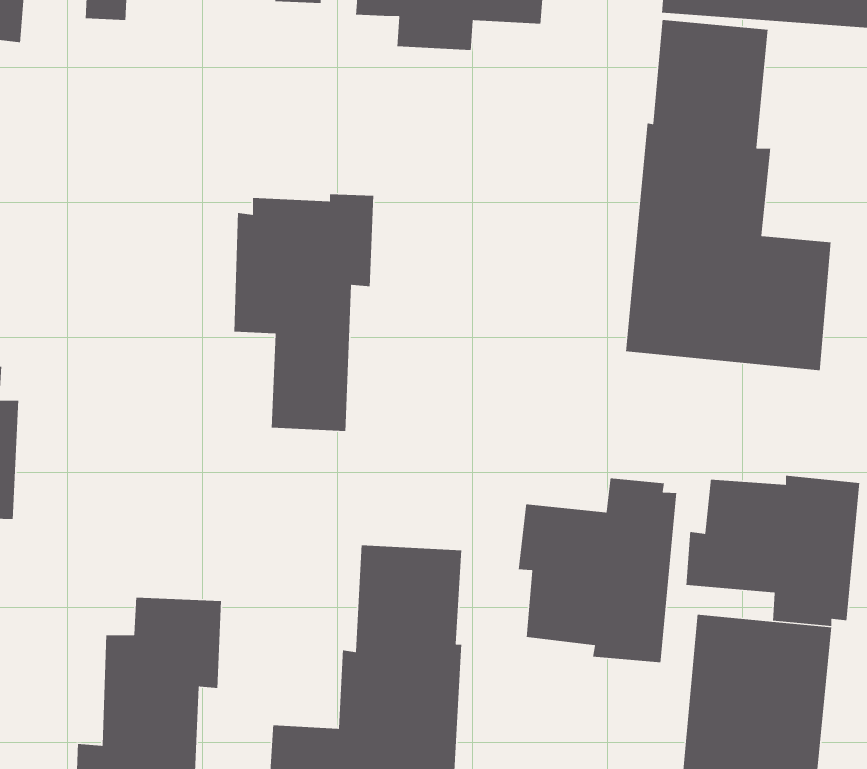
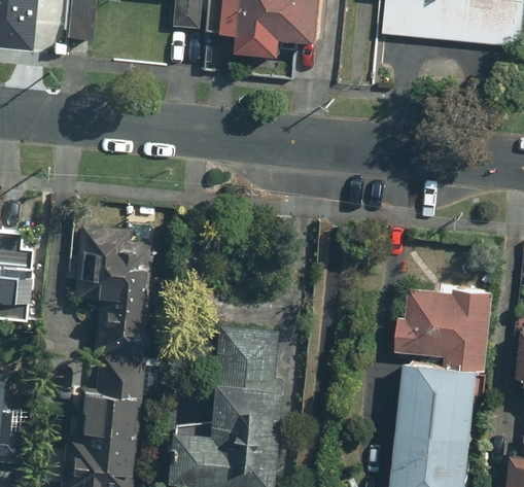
building: [625,19,831,371] -> none
building: [233,193,374,432] -> [75,223,152,354]
building: [518,478,677,663] -> none

